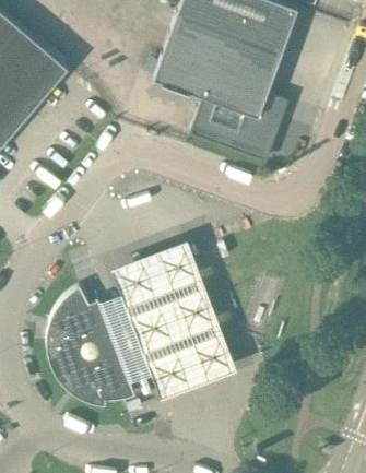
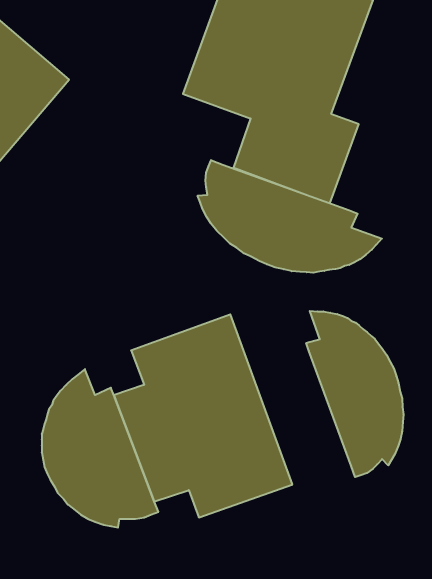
building: none -> [198,160,382,273]
building: none -> [306,311,403,477]

